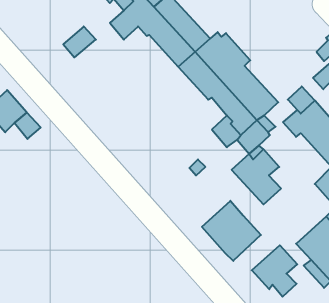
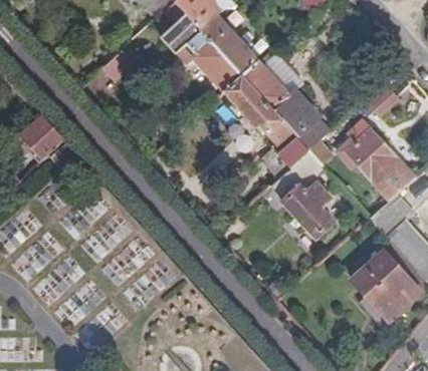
building: [202,201,261,261] -> none
building: [252,245,297,297] -> none

